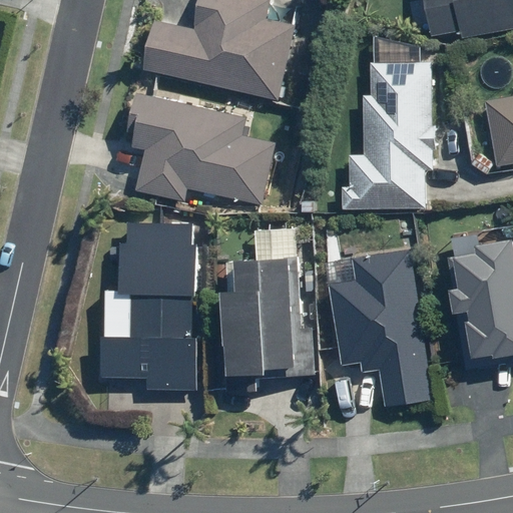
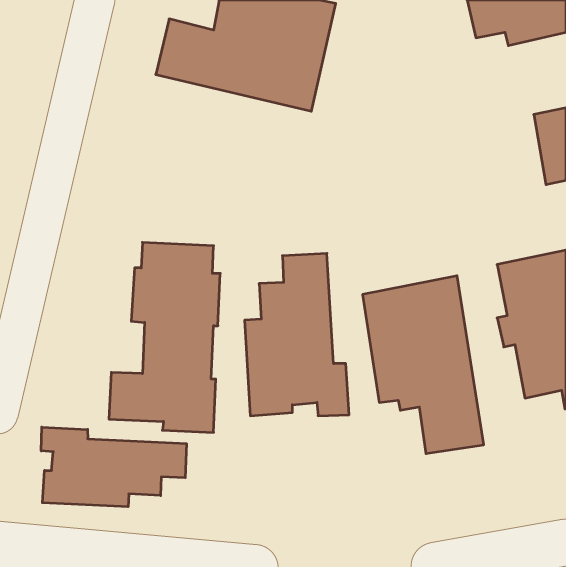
building: [341,61,438,208] -> none
building: [129,91,274,206] -> none
building: none -> [41,427,186,507]

